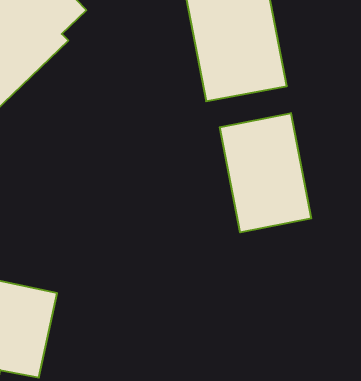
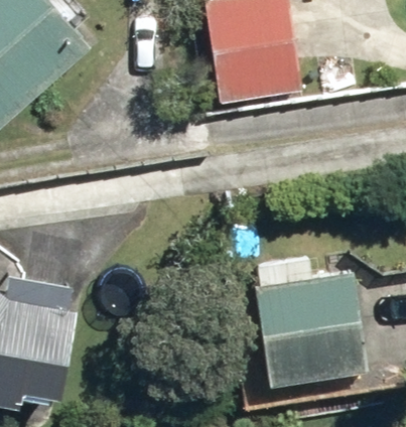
building: [220,113,311,232] -> none
building: none -> [252,255,370,388]

